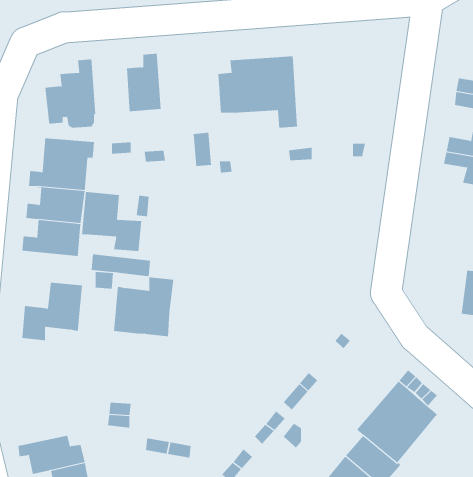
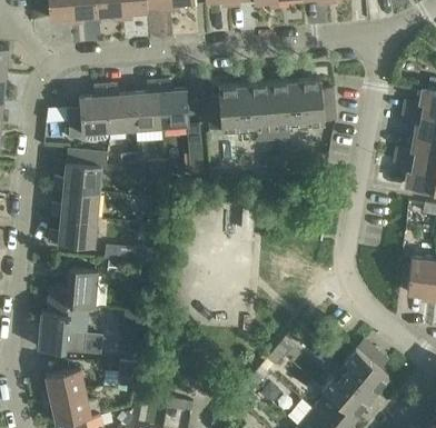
building: none -> [270,79,336,141]
building: none -> [159,80,189,127]
building: none -> [106,84,136,131]
building: [81,191,142,252] -> none
building: [113,277,174,337] -> [39,305,89,354]
building: none -> [42,368,86,401]

